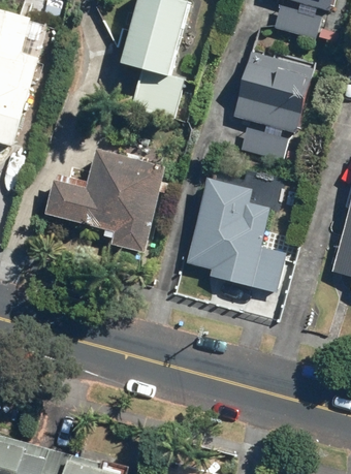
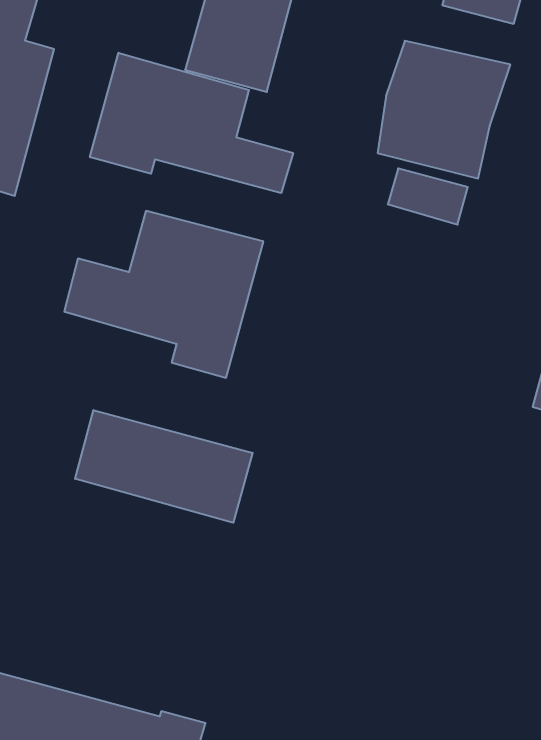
building: none -> [90,53,293,193]
building: [188,181,287,293] -> none
building: none -> [75,410,253,523]

